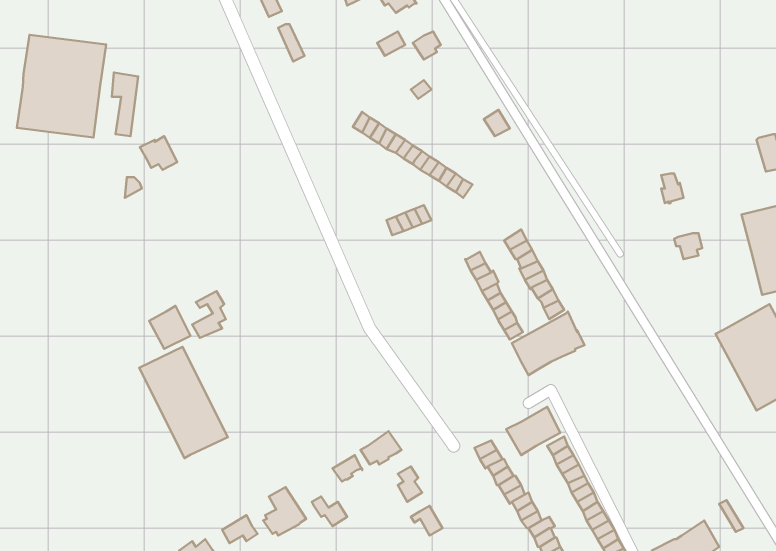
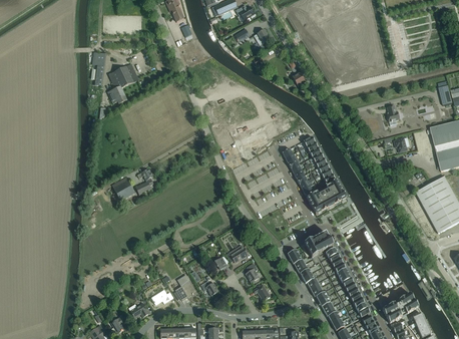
building: [17,35,106,137] -> none
building: none -> [109,63,138,88]
building: [139,347,228,458] -> none

